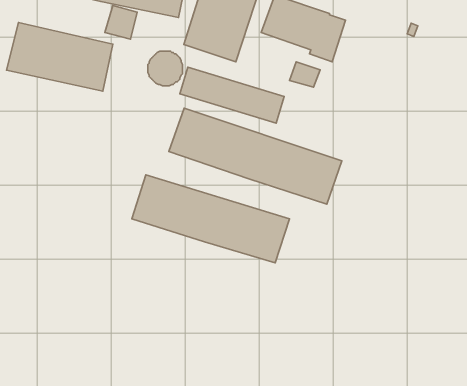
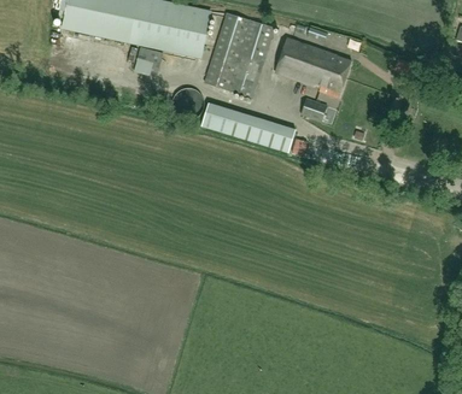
building: [6,23,113,91] -> none
building: [169,108,342,204] -> none
building: [132,175,289,263] -> none

